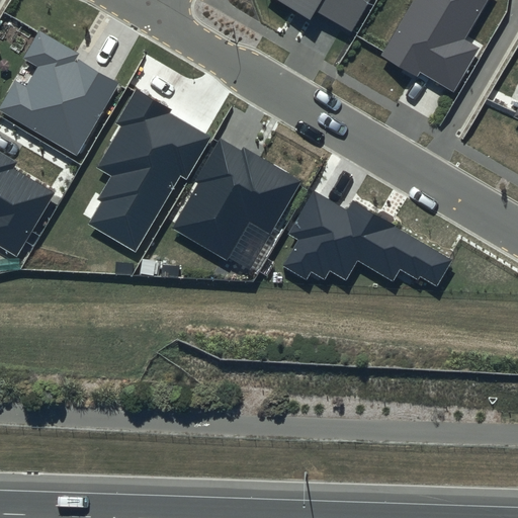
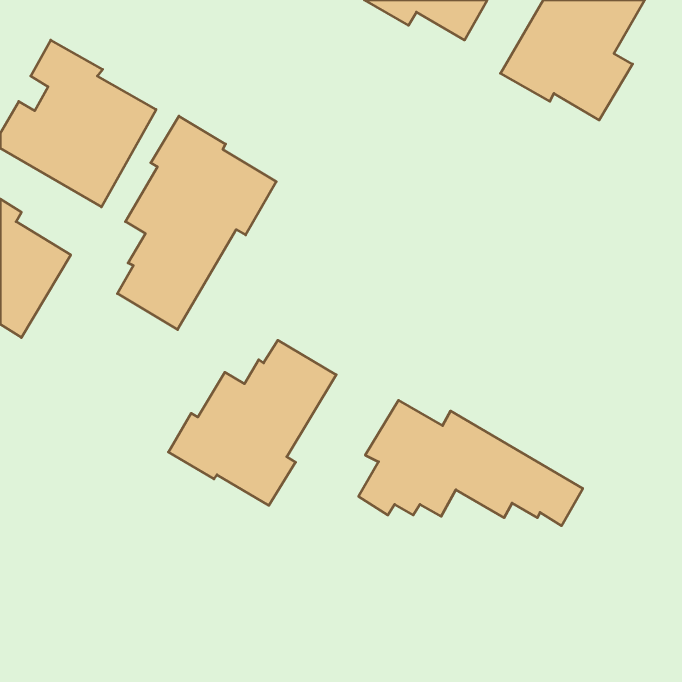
building: [172,139,300,267] -> none
building: [283,192,453,287] -> [359,400,583,526]
building: none -> [168,340,336,505]

